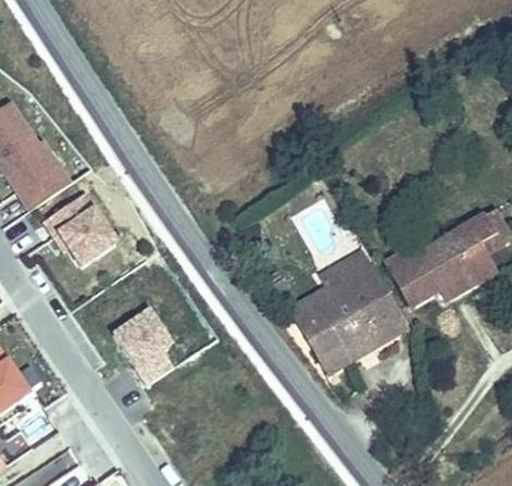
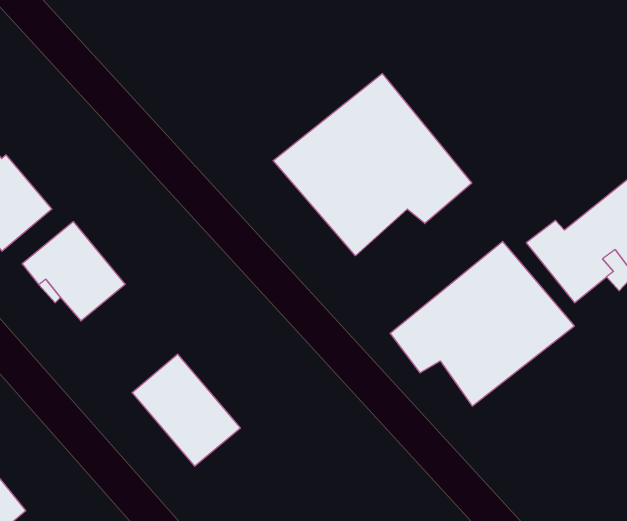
building: none -> [273,74,472,256]

